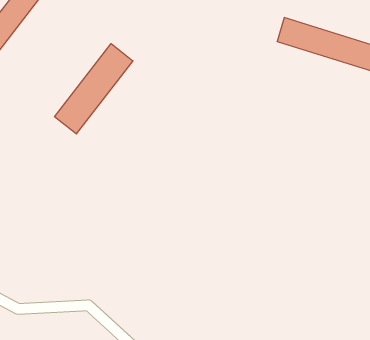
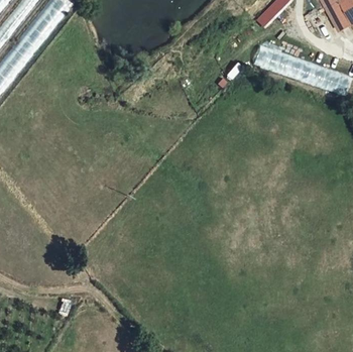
building: [55,44,133,134] -> none

